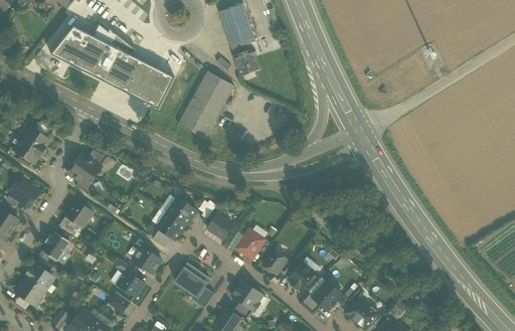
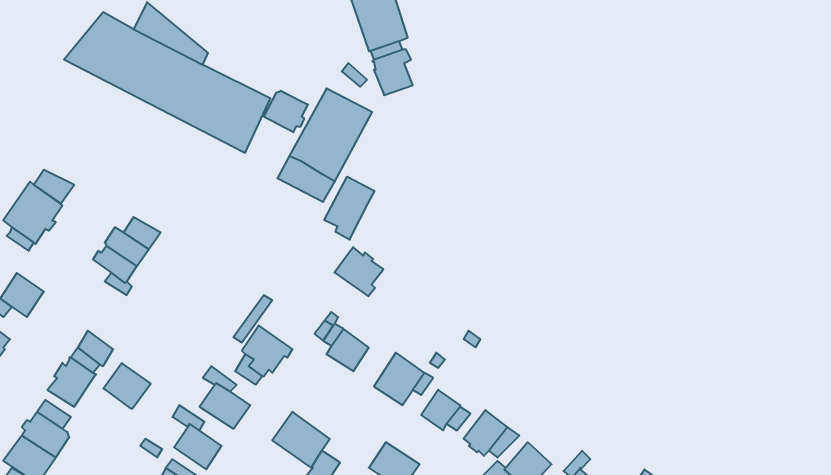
building: none -> [264,91,308,132]
building: none -> [324,177,374,240]
building: [166,196,195,225] -> [334,247,383,296]
building: [64,199,93,226] -> [103,363,151,409]

